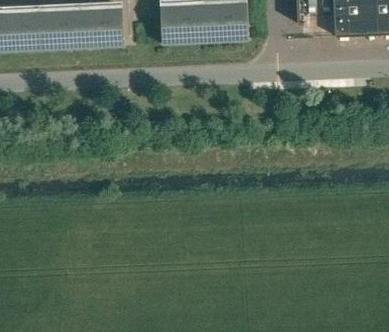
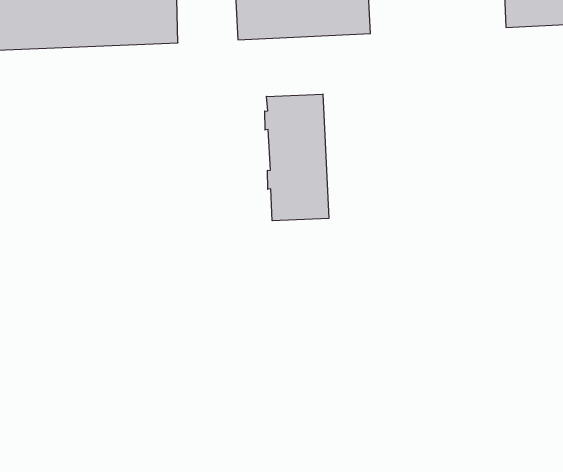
building: none -> [265,94,329,221]

